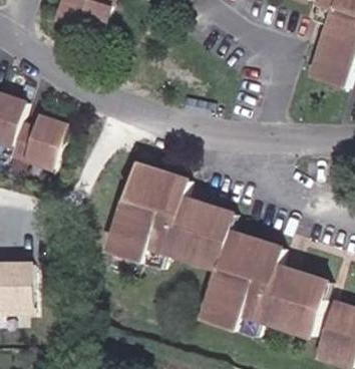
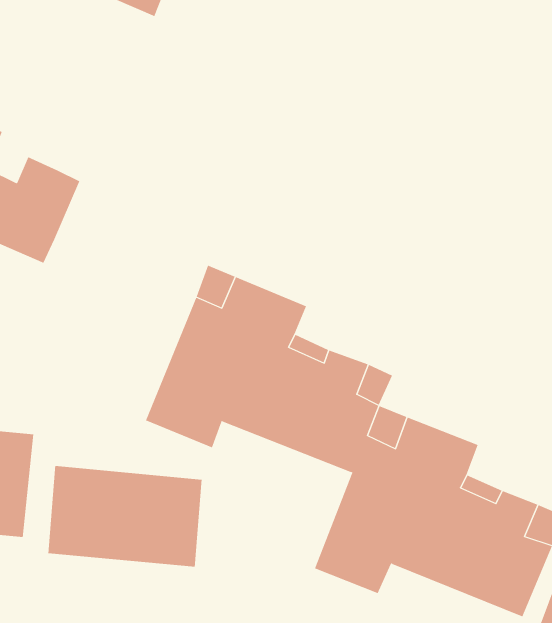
building: none -> [48,465,202,568]

